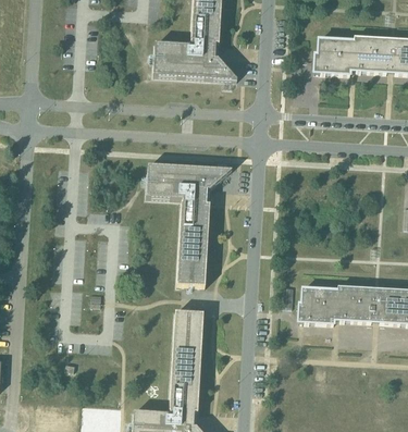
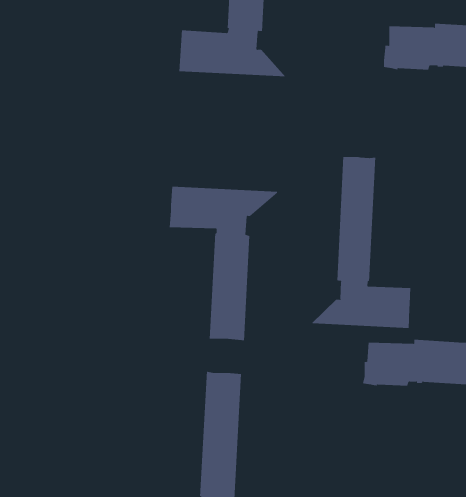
building: none -> [311,156,411,329]

